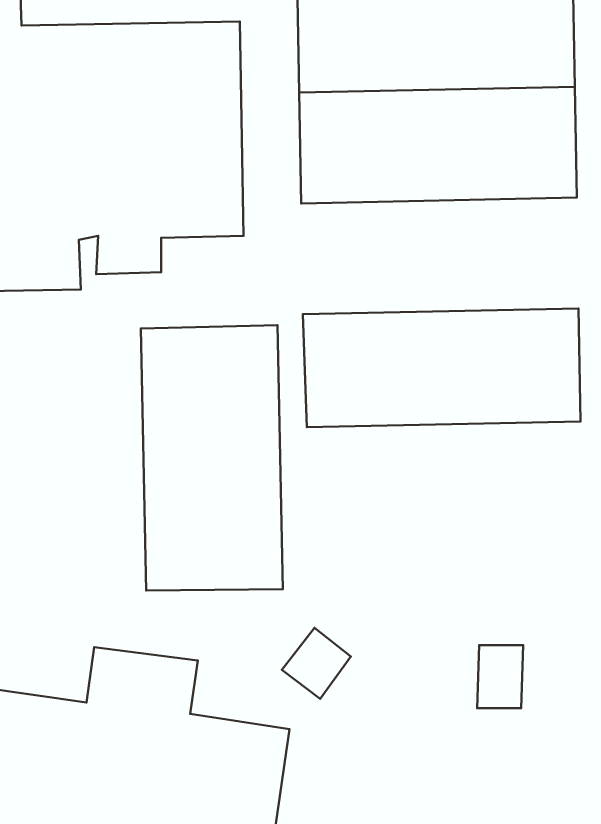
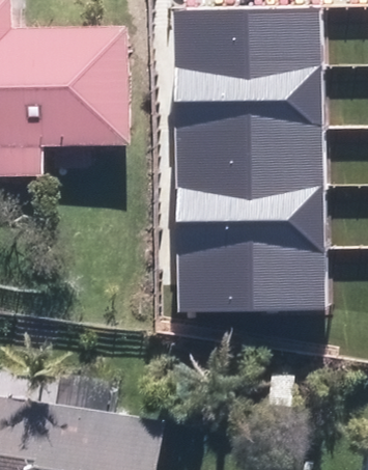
building: none -> [172,128,322,191]
building: [141,325,283,591] -> none
building: none -> [175,249,324,313]

